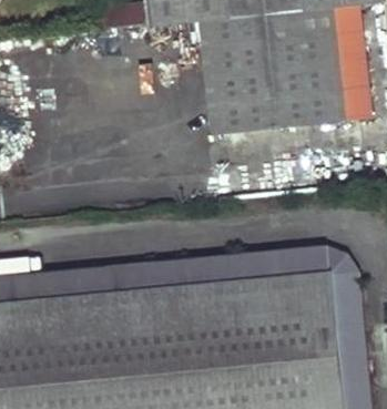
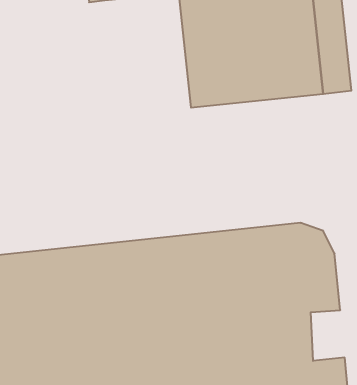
building: [329,329,363,379] -> none

